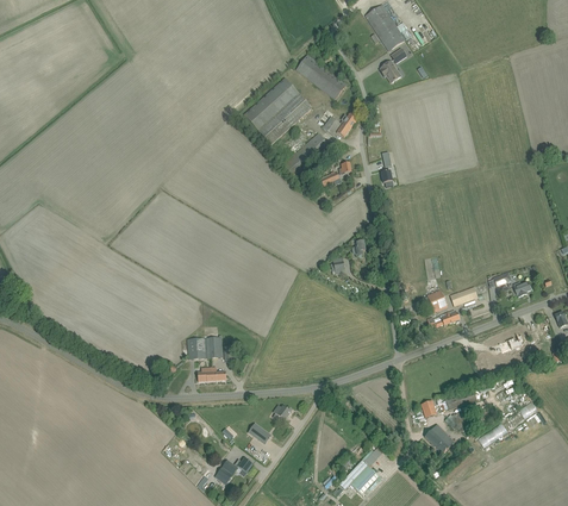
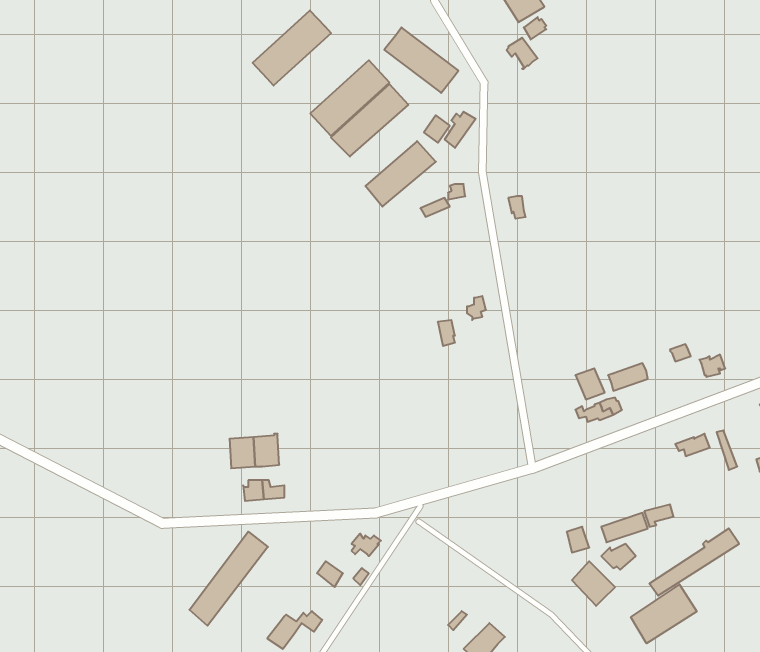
building: none -> [253,10,331,86]
building: none -> [189,532,268,626]
building: none -> [631,584,697,643]

